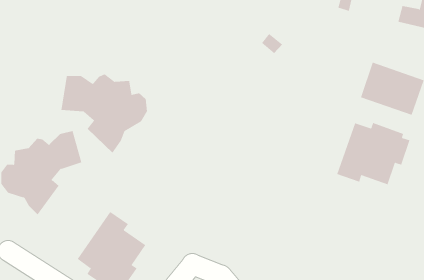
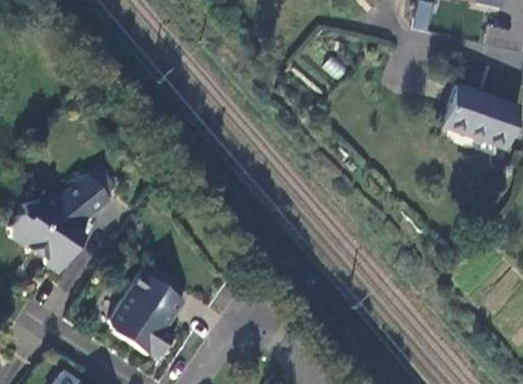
building: [61,74,148,154] -> none
building: [336,122,410,185] -> none

